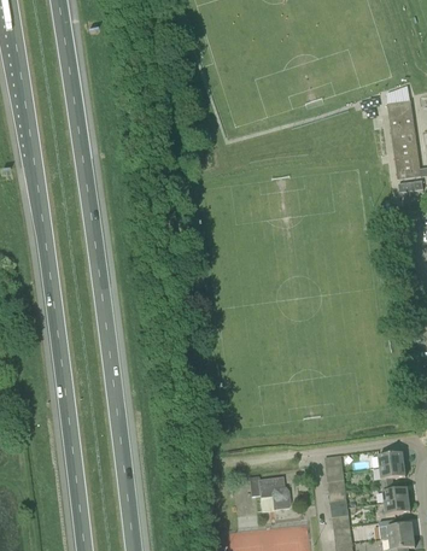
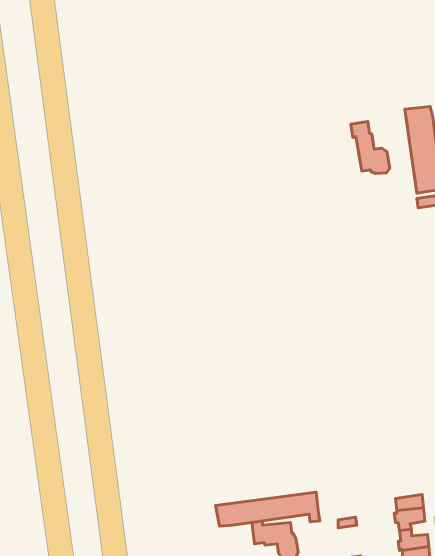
building: none -> [351,122,390,173]
building: none -> [216,492,320,526]

